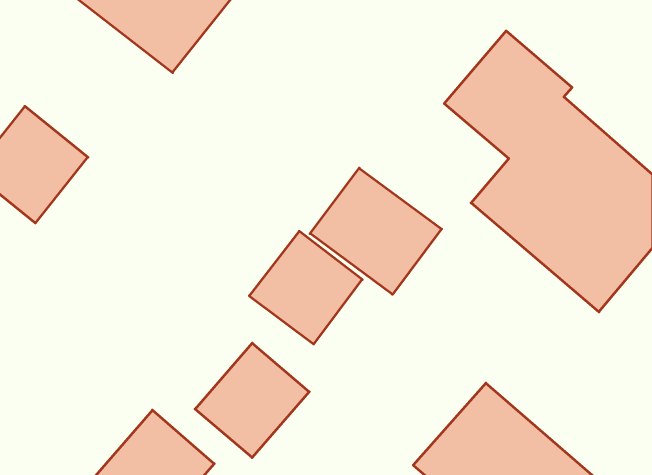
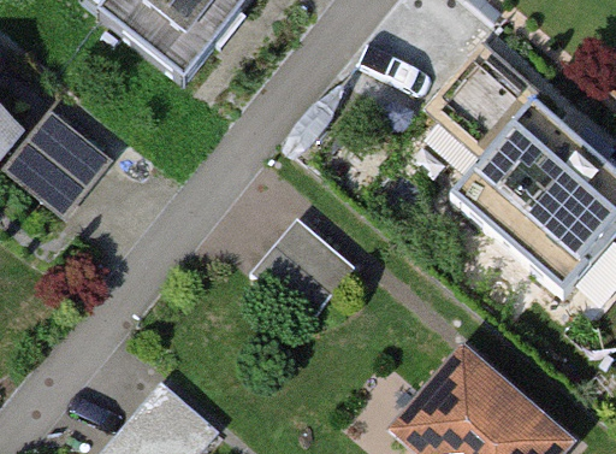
building: [310,168,442,294] -> none
building: [195,343,309,458] -> none

